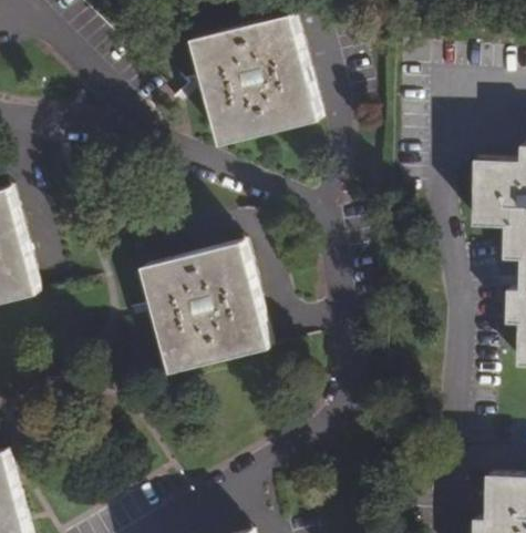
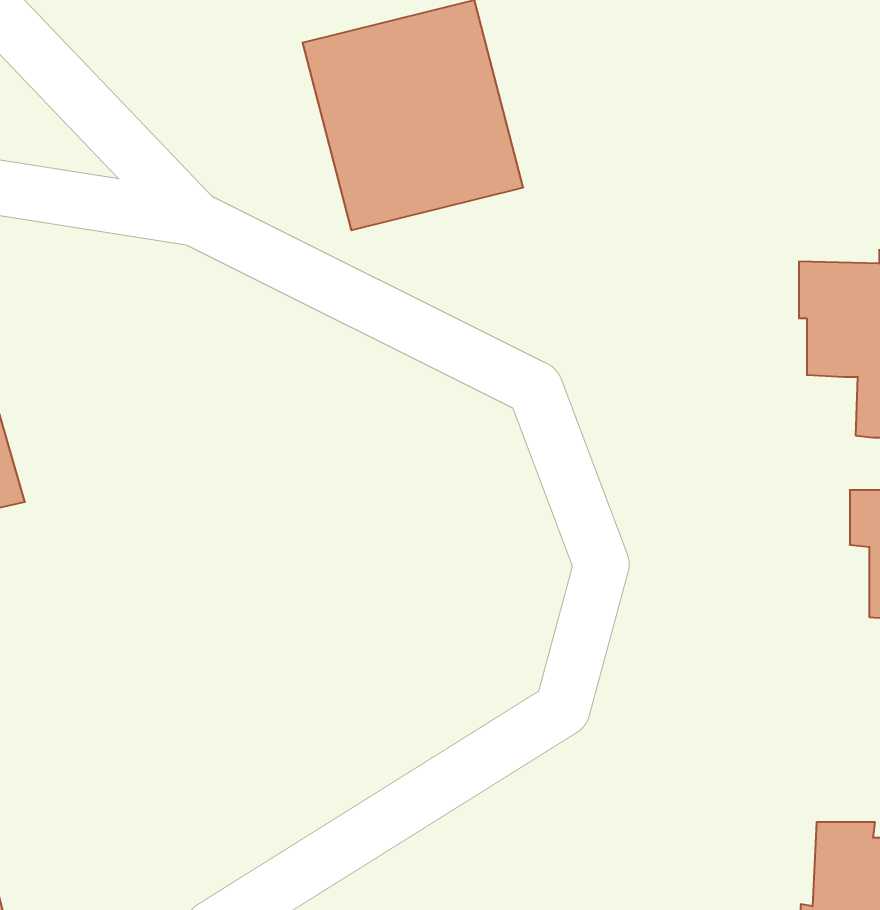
building: [145,242,270,369] -> none

